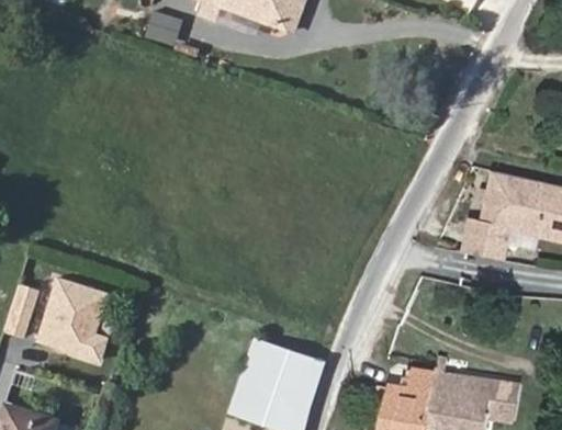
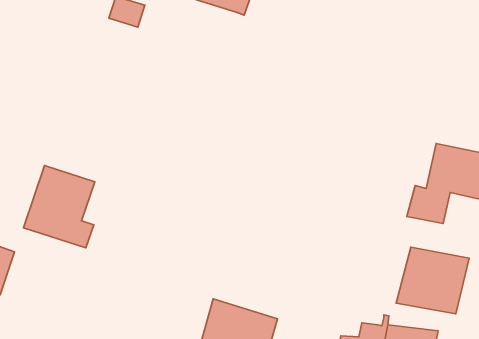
building: [29,274,106,364] -> [23,166,95,248]
building: none -> [396,247,469,314]

